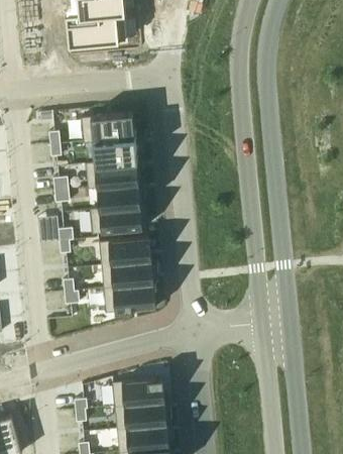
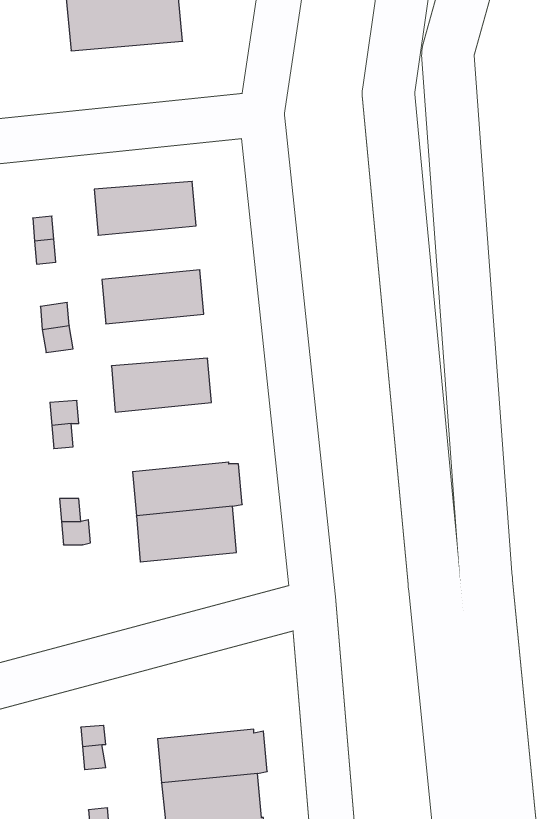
building: [84,136,137,164] -> none
building: [88,183,141,210] -> none
building: [100,237,152,265] -> none
building: [113,377,165,406] -> none

